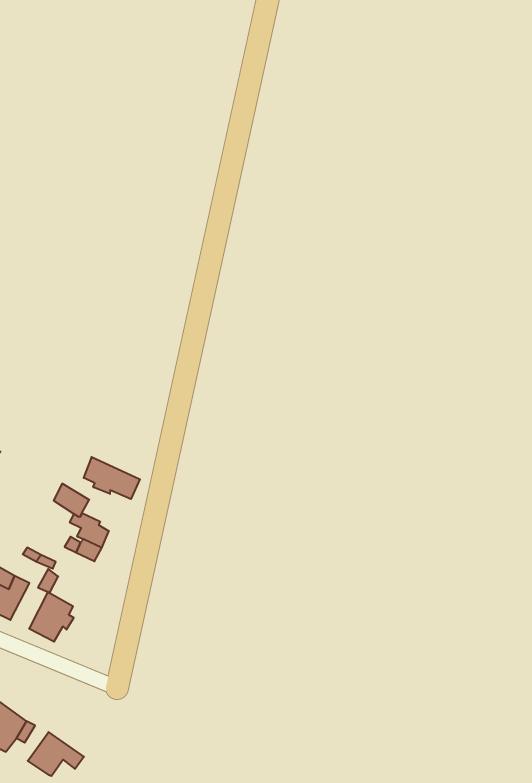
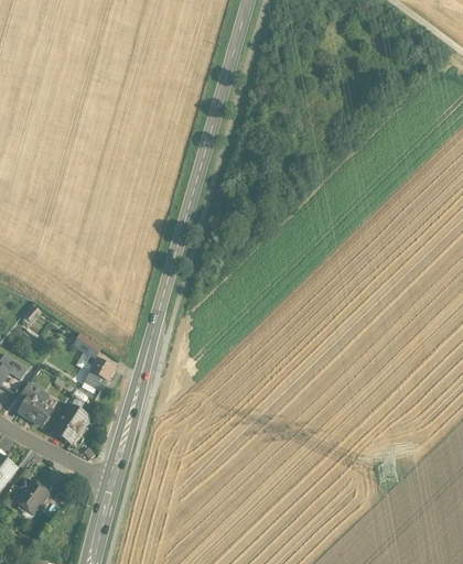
building: [84,457,140,499] -> none
building: [28,732,84,776] -> none

